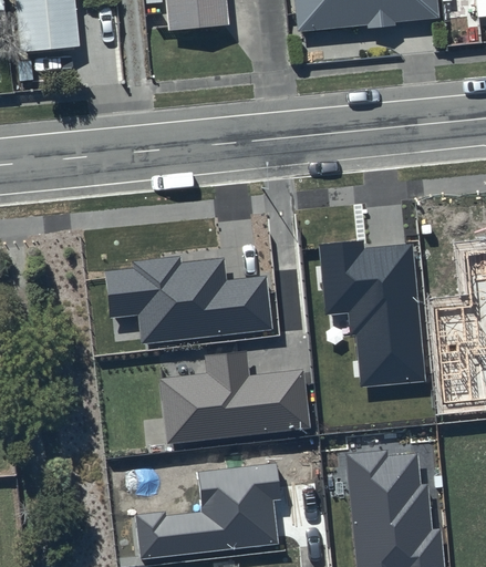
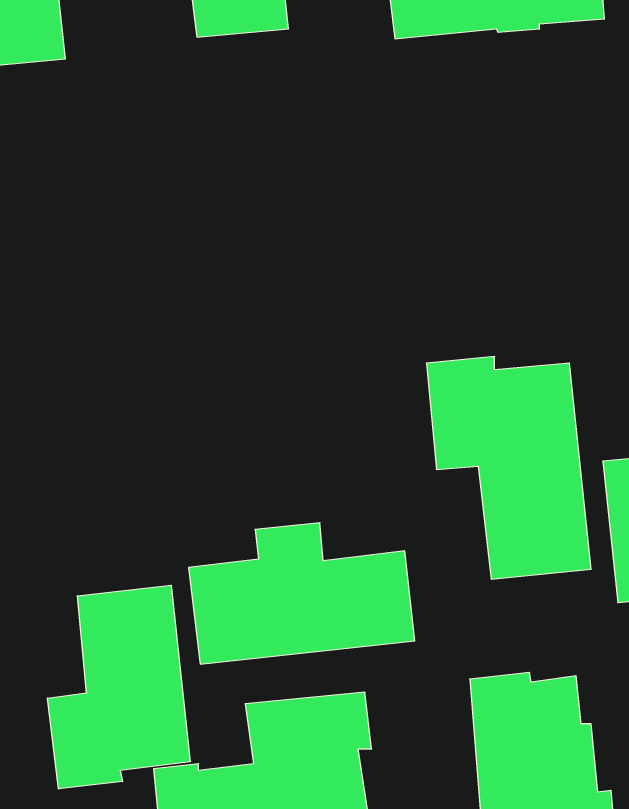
building: [104,257,272,343] -> none
building: none -> [48,585,190,789]

